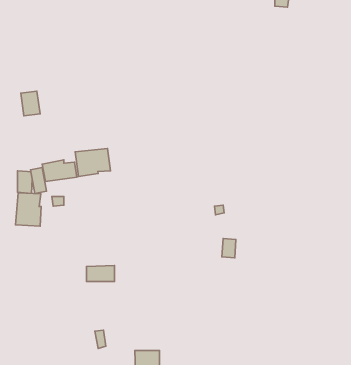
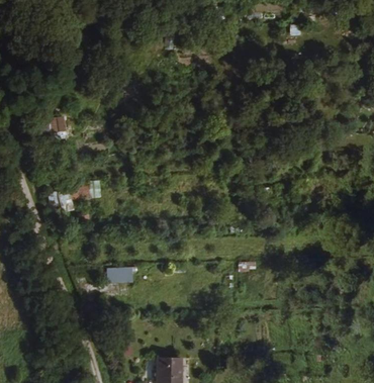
building: [75,148,111,176] -> none
building: [15,193,41,226] -> none

